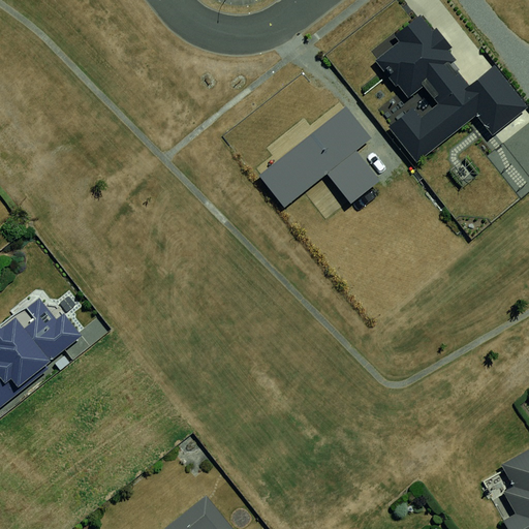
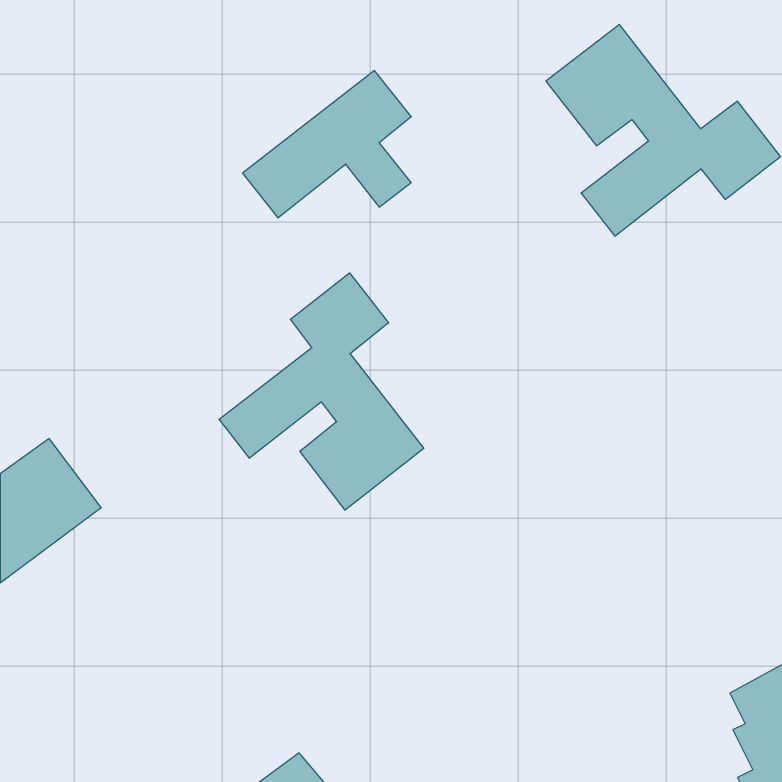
building: [260,107,374,207] -> [243,71,411,218]
building: none -> [219,273,424,510]

